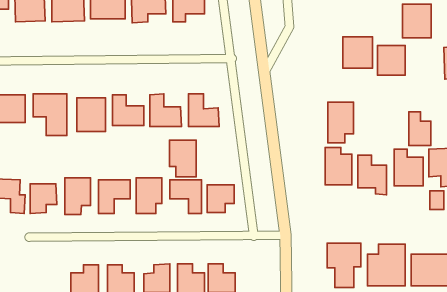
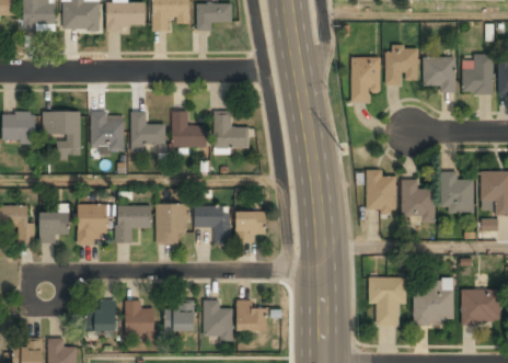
building: [403,4,431,38] -> [461,56,493,93]
building: [328,102,354,143] -> [351,57,380,102]
building: [409,112,431,145] -> none
building: [170,140,196,177] -> none

